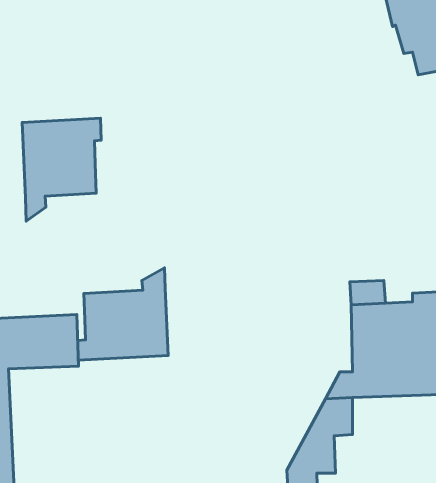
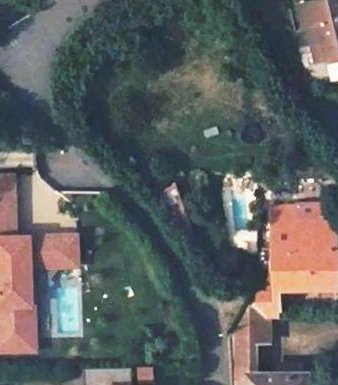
building: [22,118,101,221] -> none
building: [78,268,168,360] -> none

